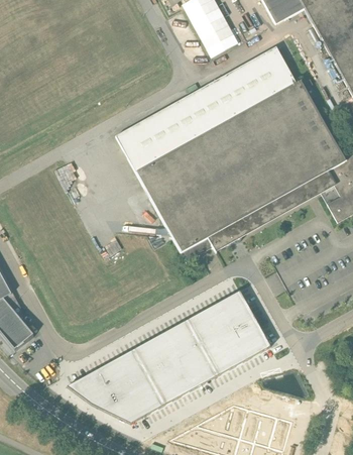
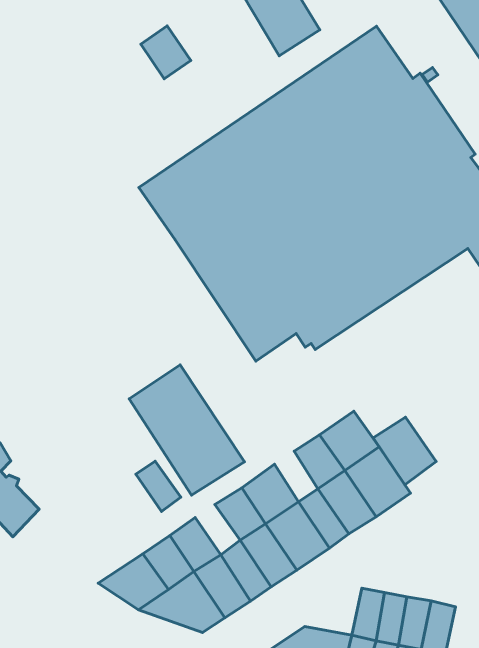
building: none -> [141,26,191,79]
building: none -> [129,365,245,495]
building: none -> [373,417,436,485]
building: [186,312,212,344] -> none
building: [132,341,159,373] -> [136,461,181,511]
building: [196,403,234,432] -> none

